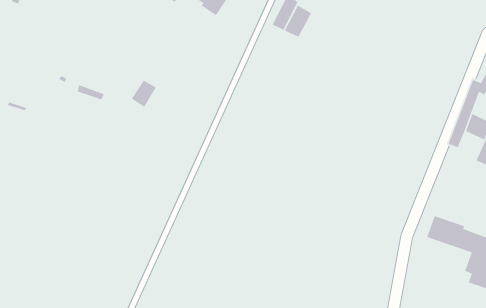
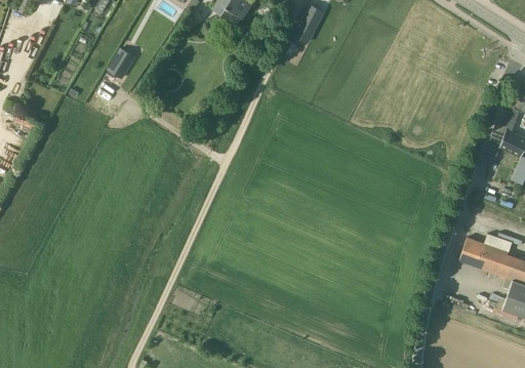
building: [284,4,312,38] -> none
building: [131,80,157,108] -> [108,48,135,78]

